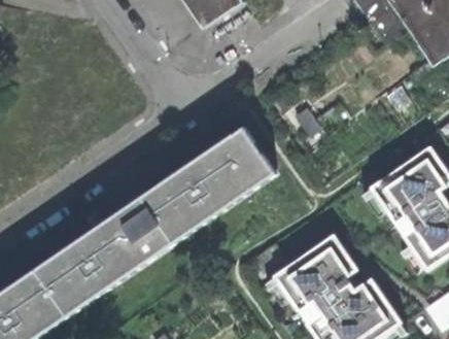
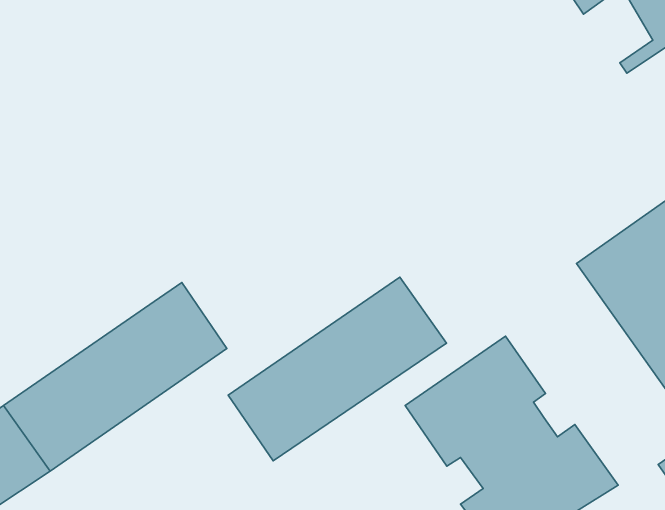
building: [143,131,273,240] -> [228,277,447,461]

